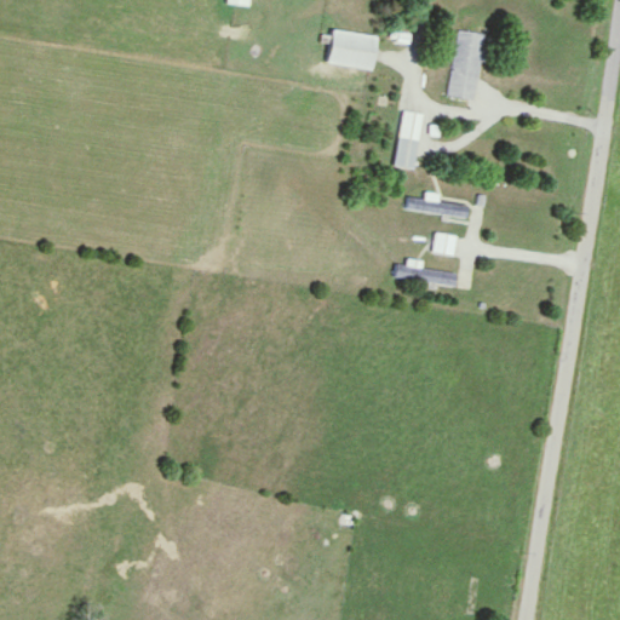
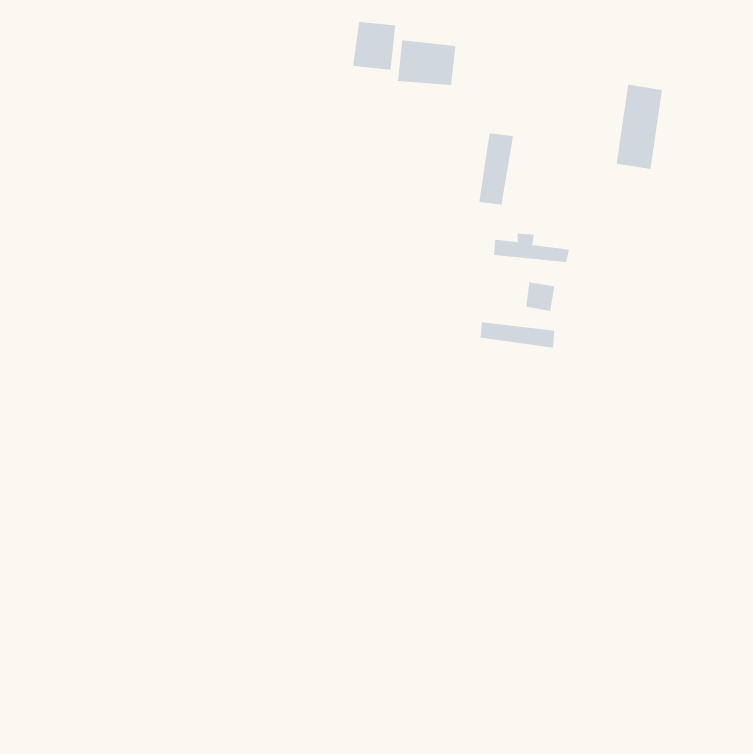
building: none -> [353,21,396,71]
building: [447,31,486,102] -> [616,84,663,170]

